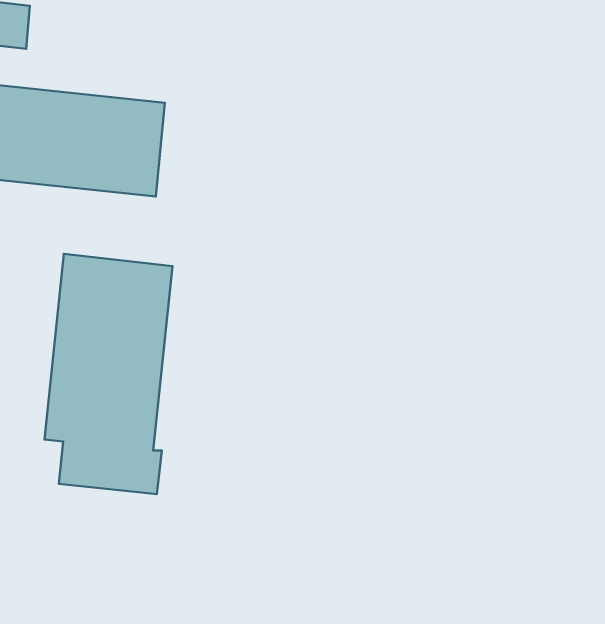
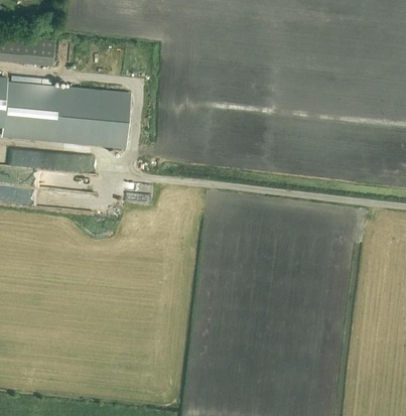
building: [44,254,172,494] -> none

